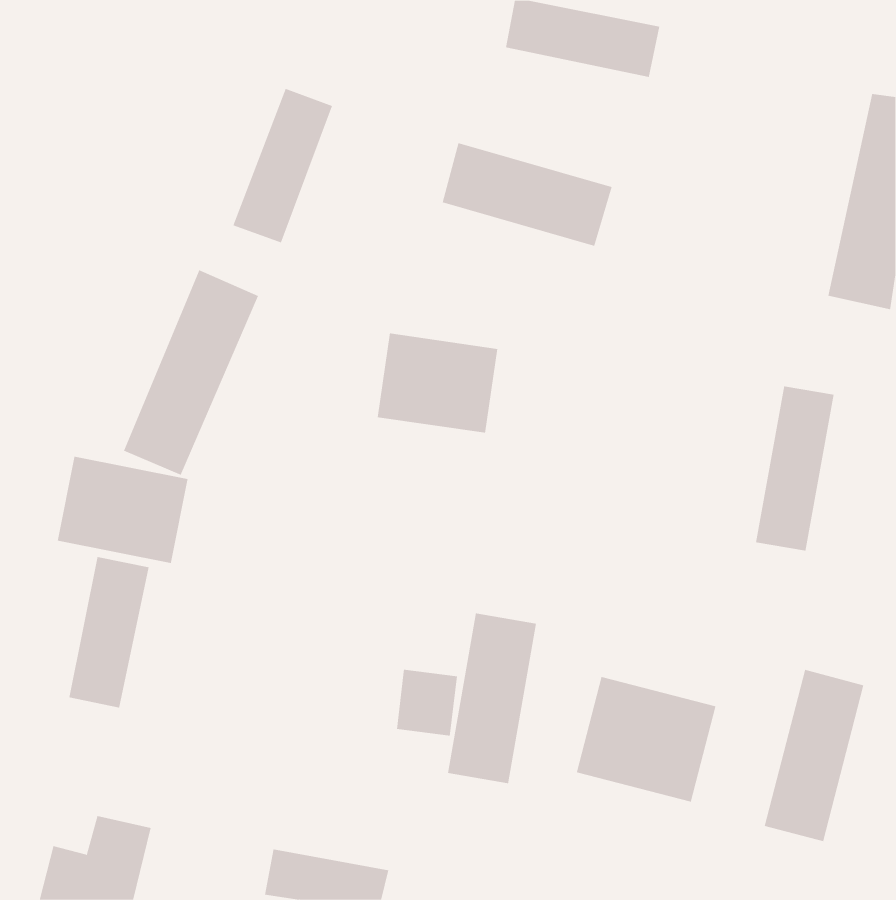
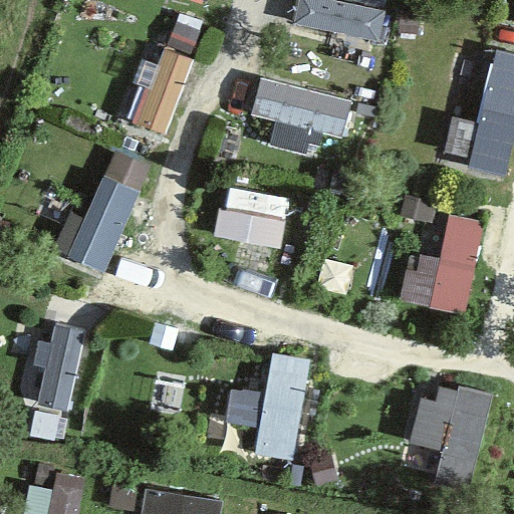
building: [57,456,188,564] -> none
building: [576,676,716,803] -> none

